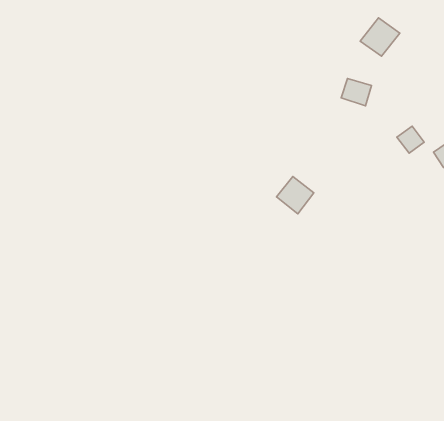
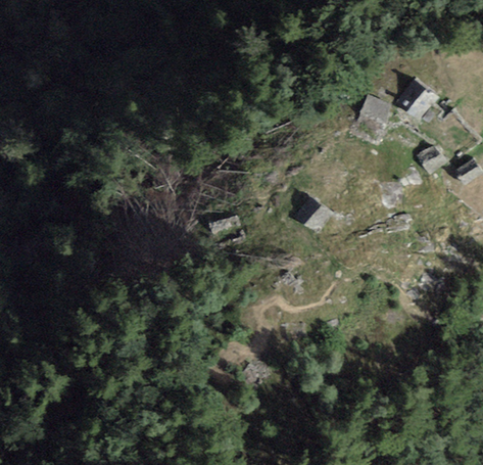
building: [360,18,400,56] -> [396,81,436,120]

